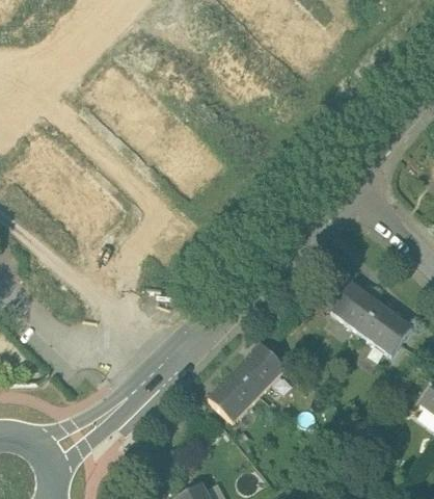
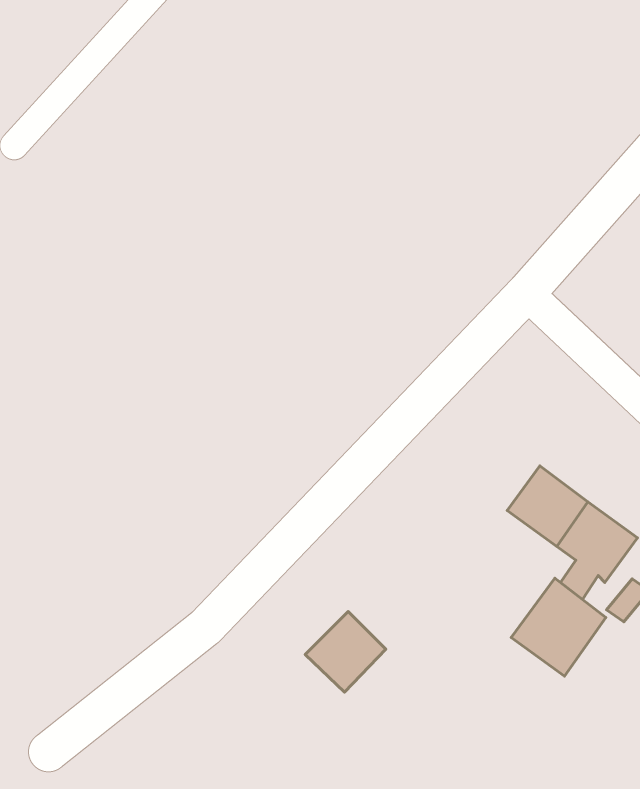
building: [235,345,282,394] -> none
building: none -> [511,578,606,676]

